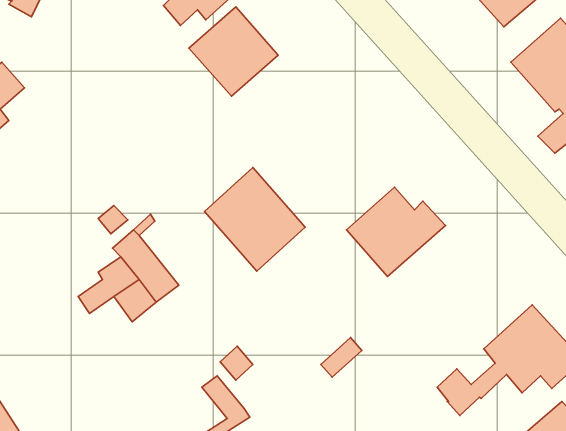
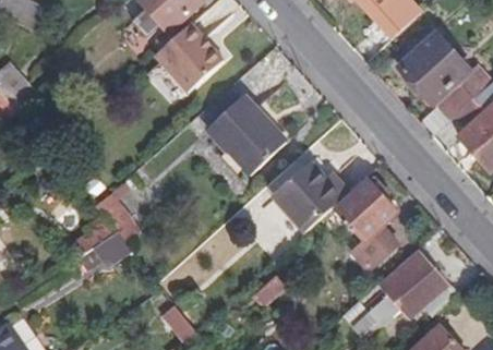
building: [204,168,305,271] -> [208,95,286,174]
building: none -> [336,179,396,267]

